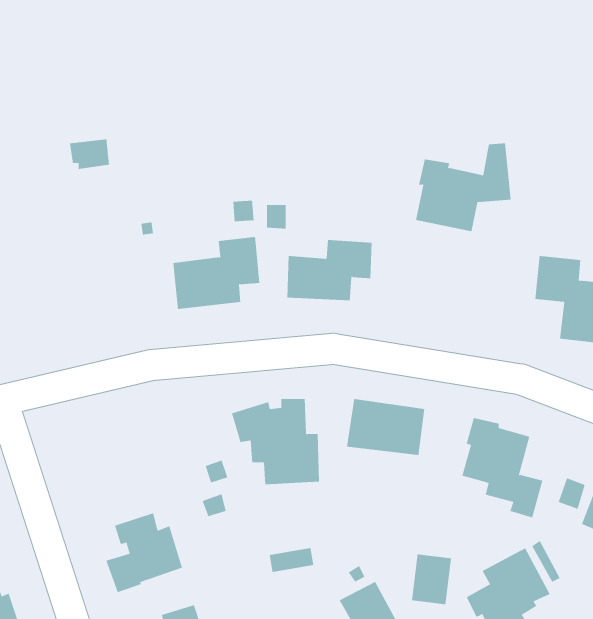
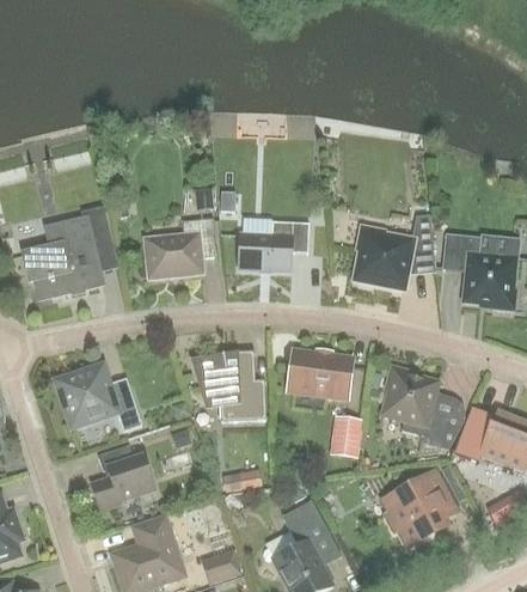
building: [415,143,512,232] -> [355,214,434,287]
building: none -> [23,208,111,298]
building: none -> [56,365,141,431]
building: [411,554,452,605] -> [329,415,362,457]

